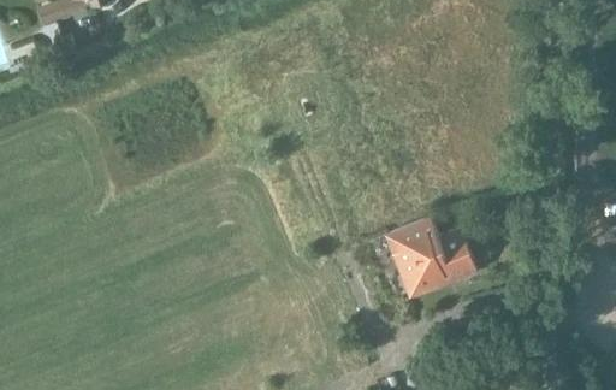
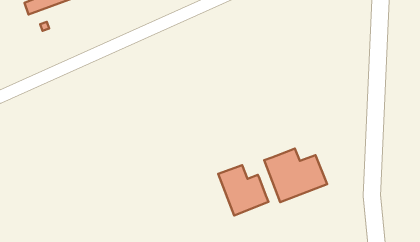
building: none -> [218,165,269,216]

